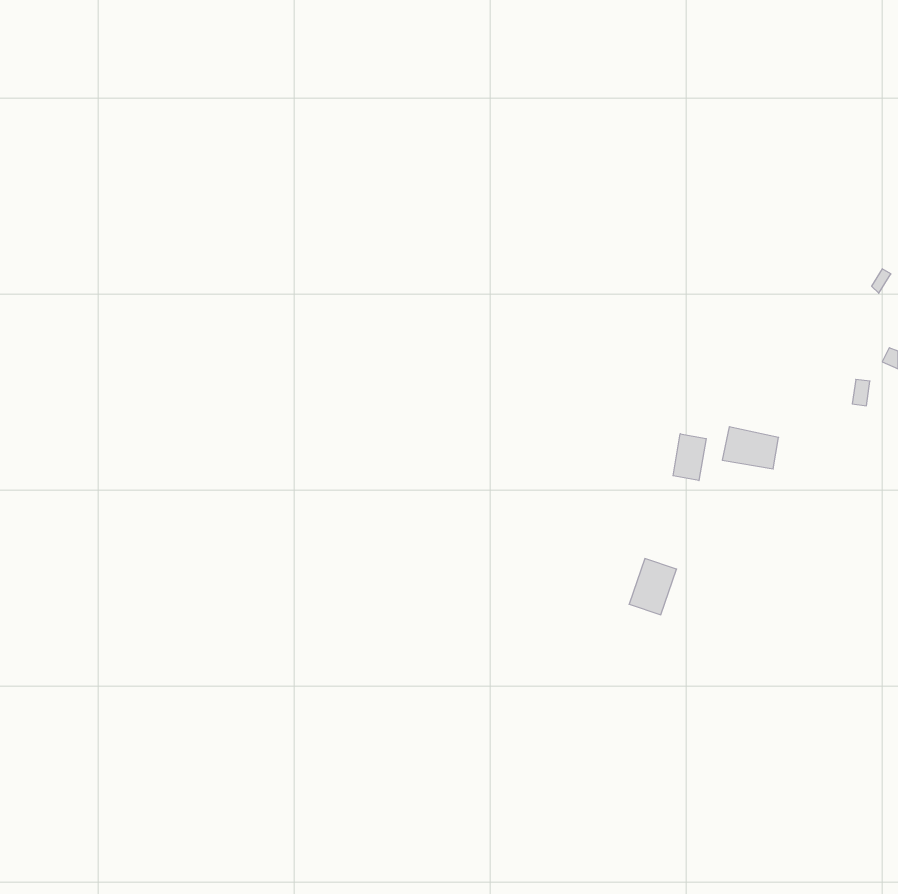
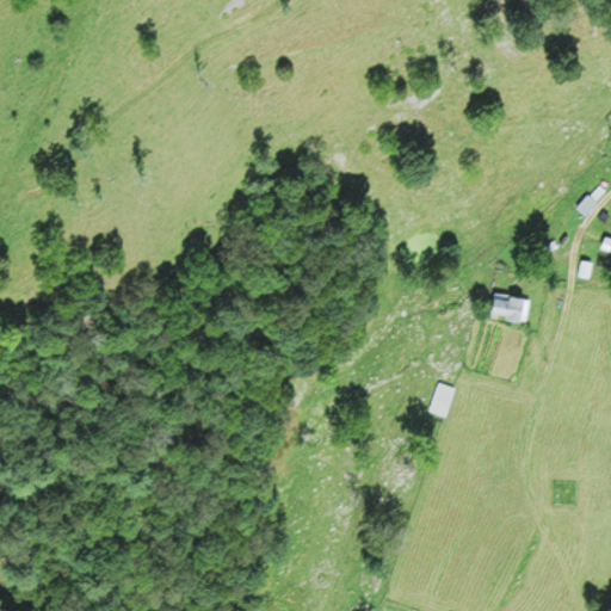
building: [673,434,706,481] -> none

